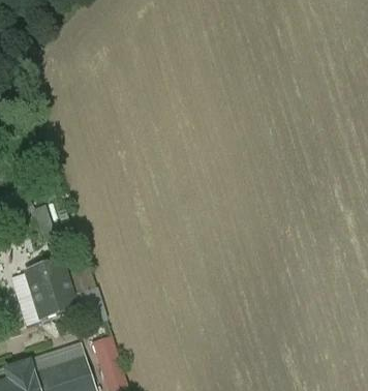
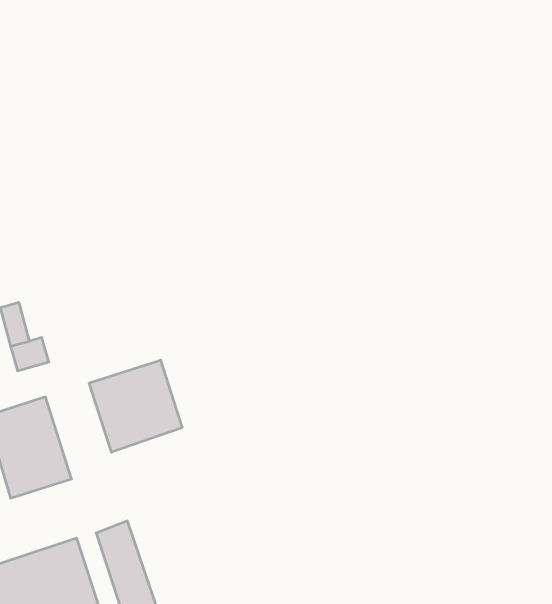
building: none -> [89,360,182,452]

